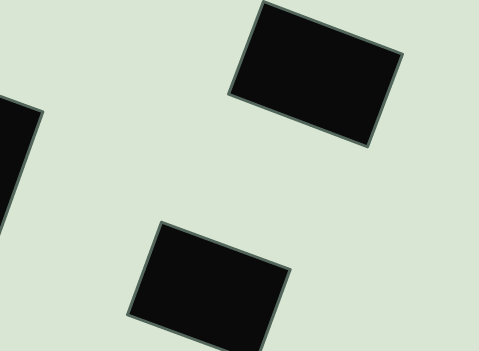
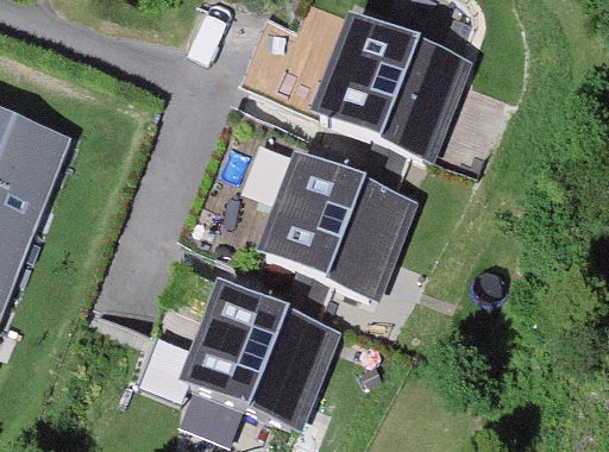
building: none -> [247,147,404,288]

